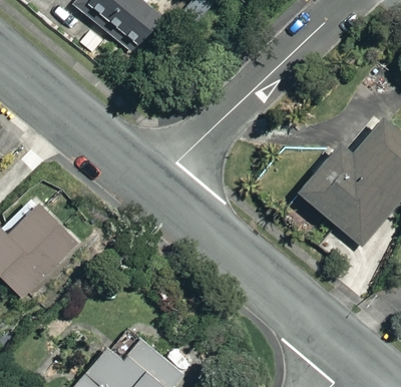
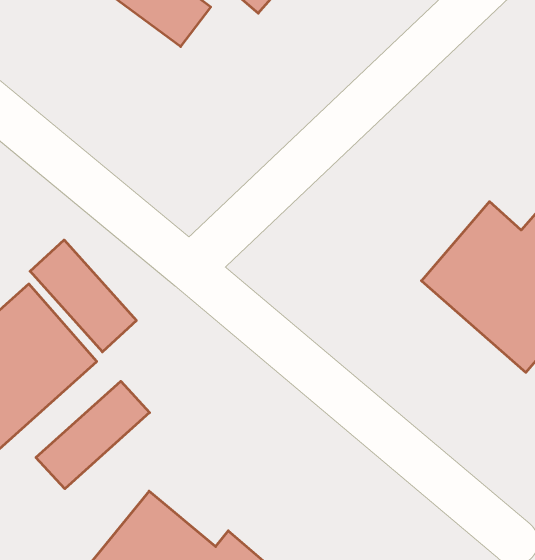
building: none -> [30,240,136,352]
building: none -> [36,381,150,489]

